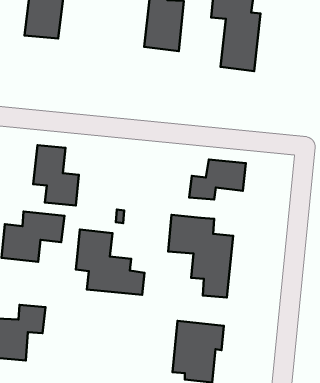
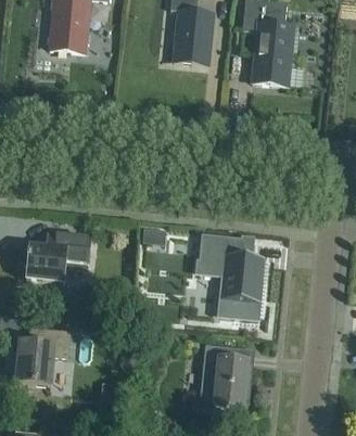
building: [33,145,79,206] -> none
building: [189,159,246,200] -> none
building: [76,230,145,295] -> none

